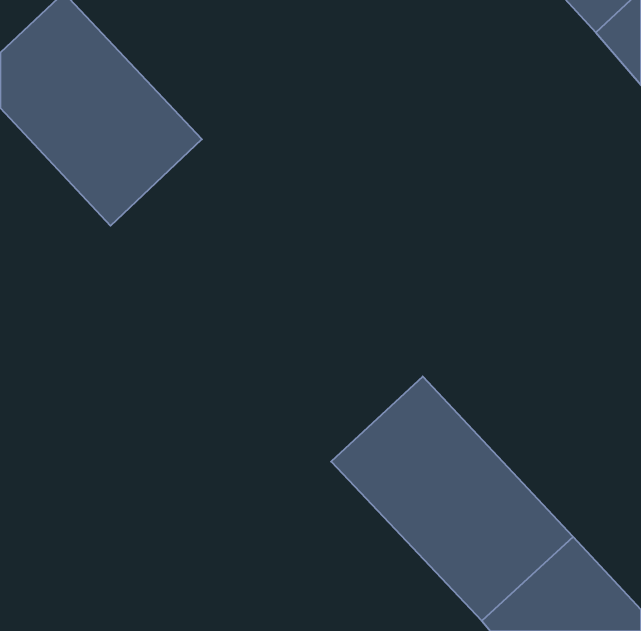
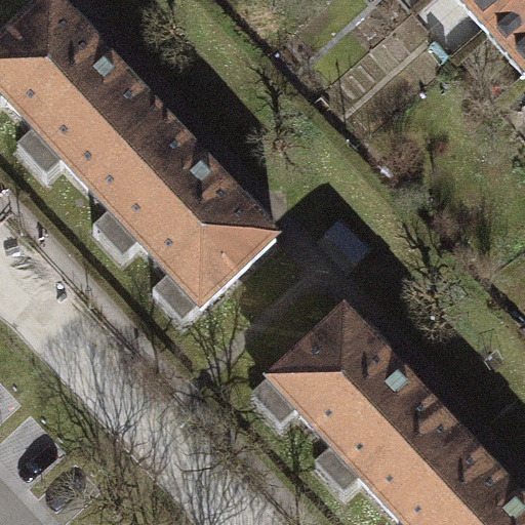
building: none -> [90,114,278,305]

